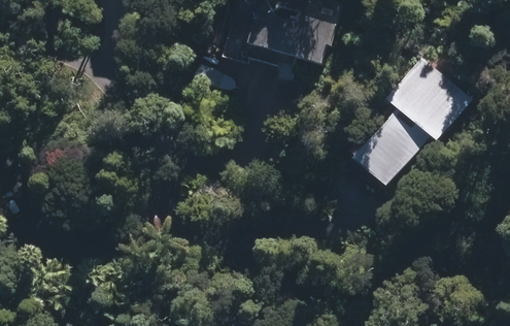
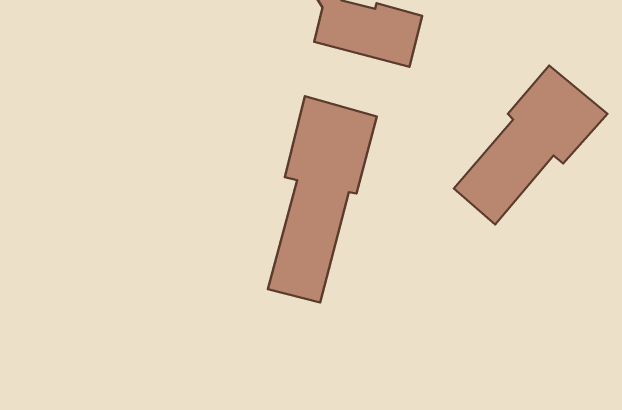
building: none -> [268,96,377,303]

